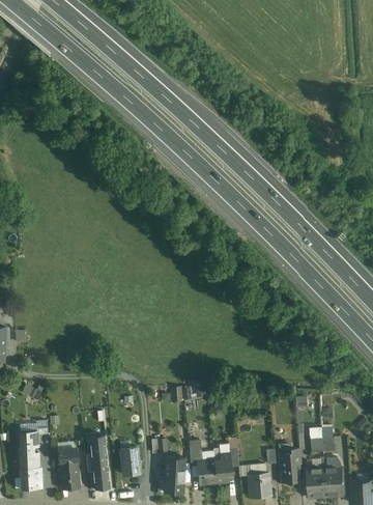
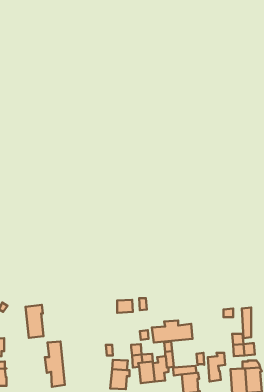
building: none -> [152,321,192,342]
building: [121,447,141,475] -> none
building: [59,450,81,489] -> [25,305,44,338]

